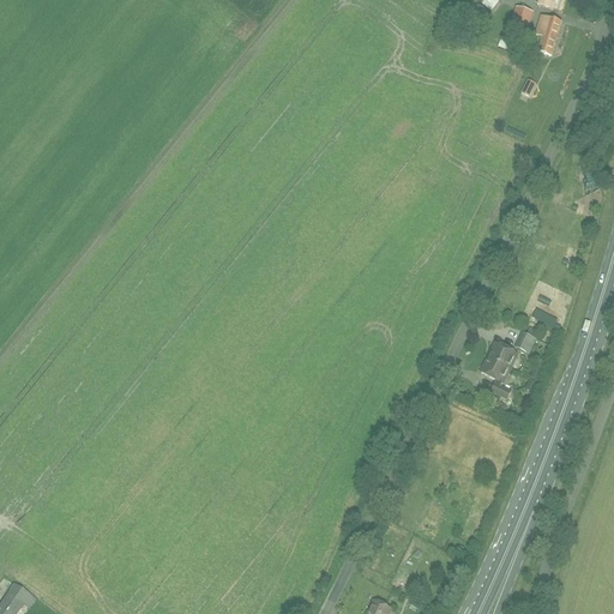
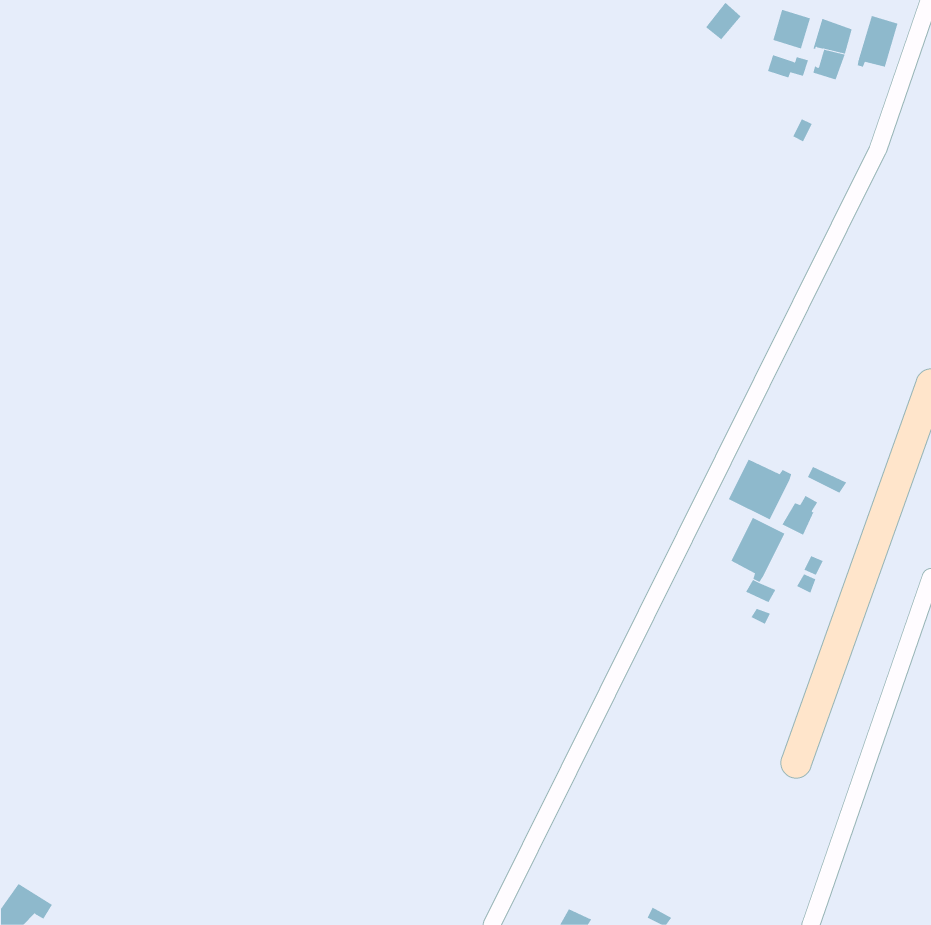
building: none -> [857,15,898,68]
building: none -> [728,459,792,520]

